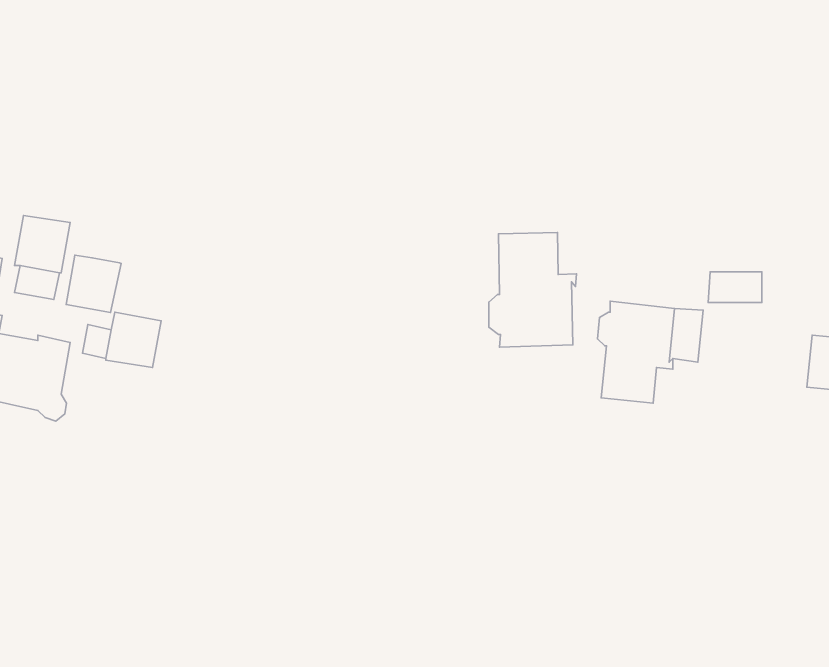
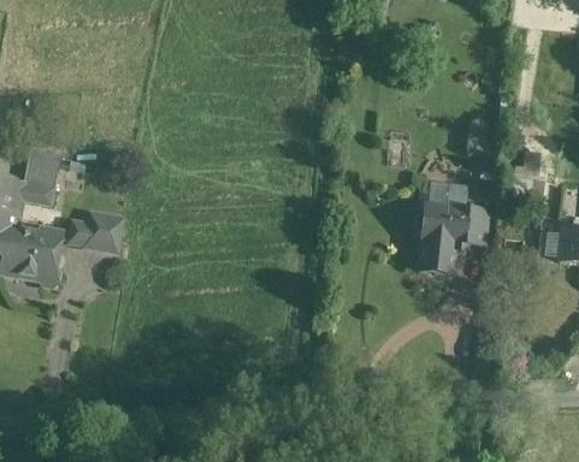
building: [489,232,576,347] -> none
building: [66,255,121,313] -> none
building: [708,272,762,302] -> [427,180,463,201]

